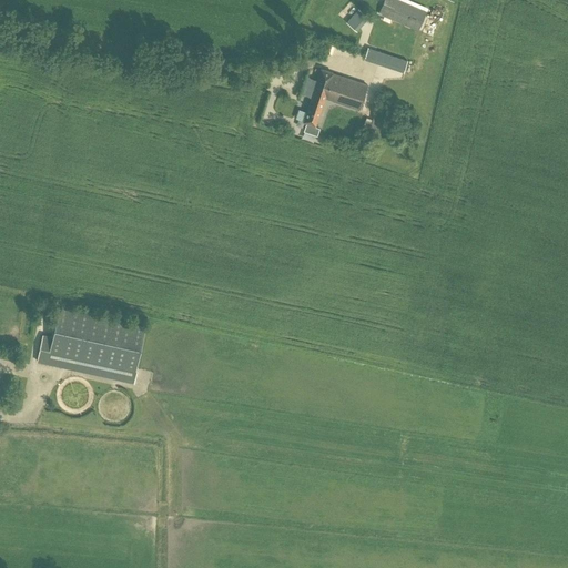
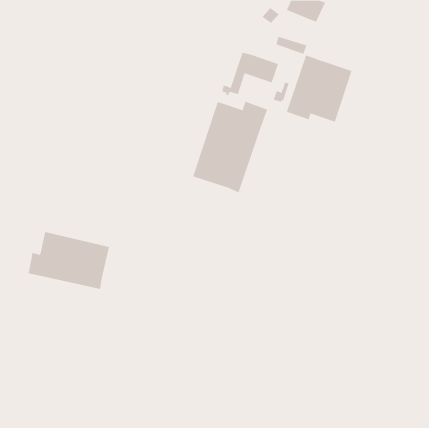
building: none -> [286,54,352,123]
building: none -> [192,101,268,193]

